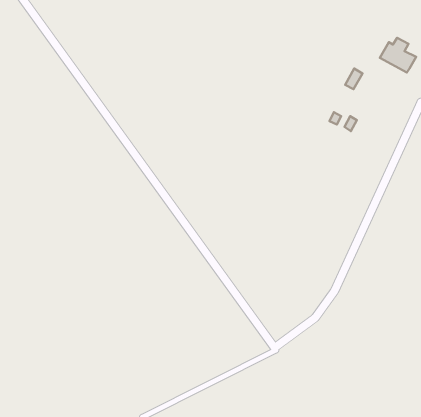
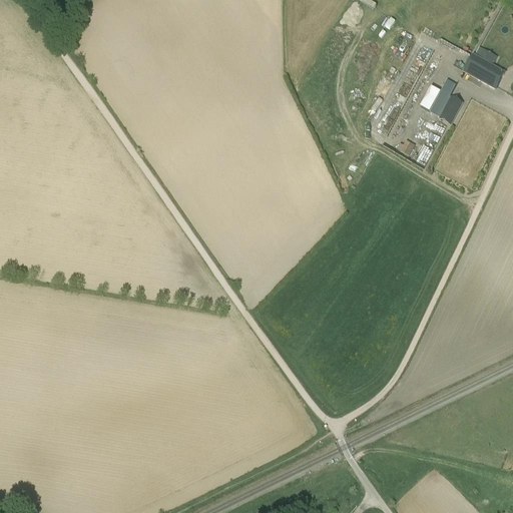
building: none -> [437,93,463,123]

